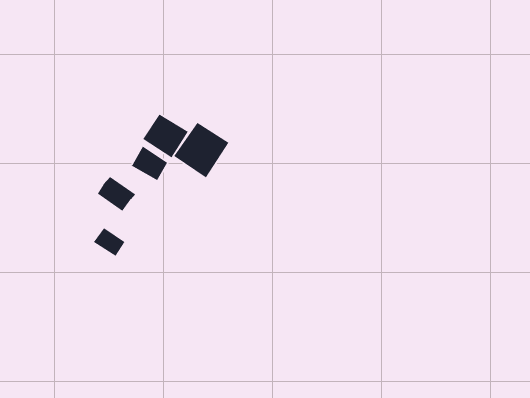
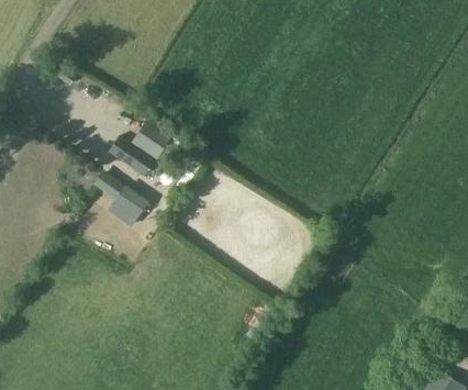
building: [173,122,229,178] -> none
building: none -> [112,185,147,220]

